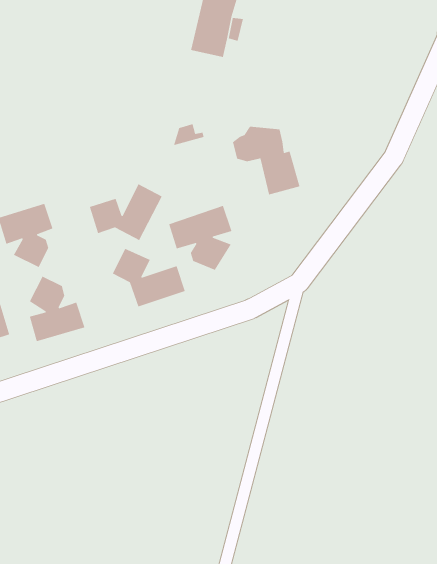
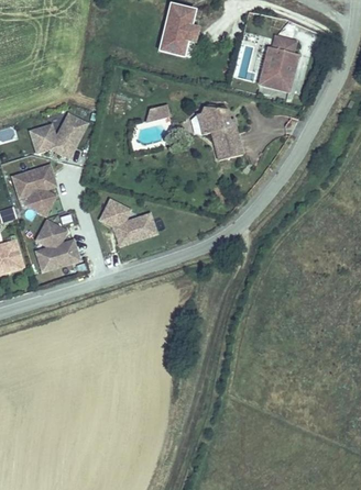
building: none -> [259,35,297,91]
building: [89,183,163,241] -> [30,113,86,157]
building: [168,205,233,271] -> none

